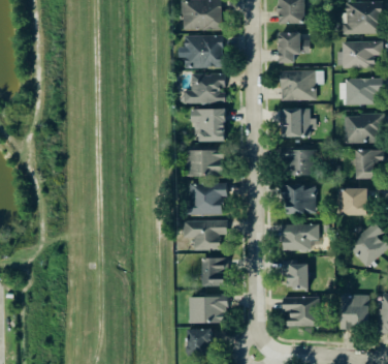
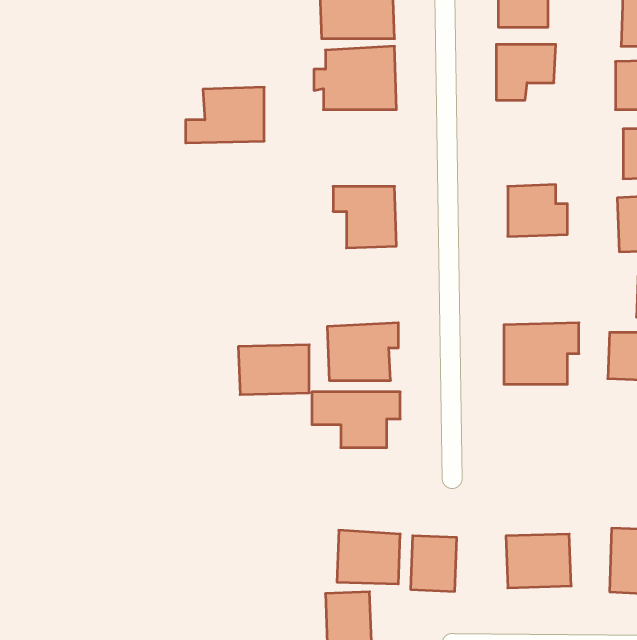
building: [280,70,315,101] -> none
building: [183,73,225,103] -> [186,87,264,143]
building: [185,150,223,177] -> [238,345,309,395]
building: [282,150,317,175] -> none
building: [281,223,318,250] -> none
building: [200,256,225,286] -> [411,536,457,591]
building: [281,262,308,289] -> none

